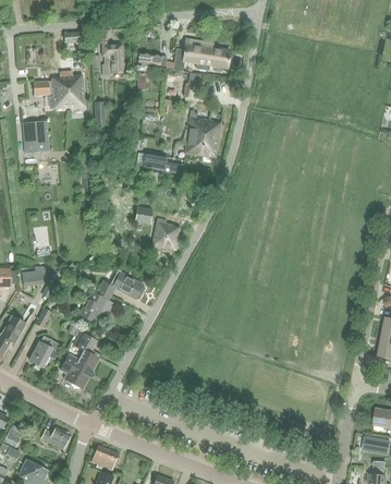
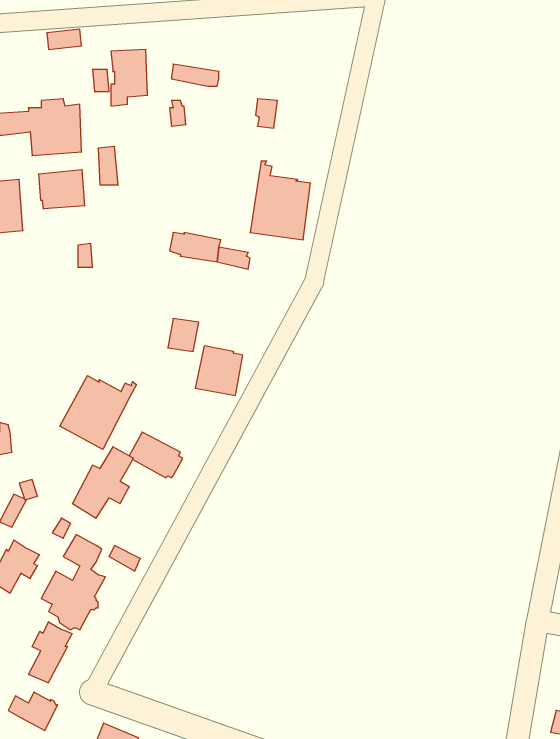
building: [172,37,230,72] -> none
building: none -> [39,169,85,209]
building: none -> [60,376,136,449]
building: none -> [28,622,72,683]

